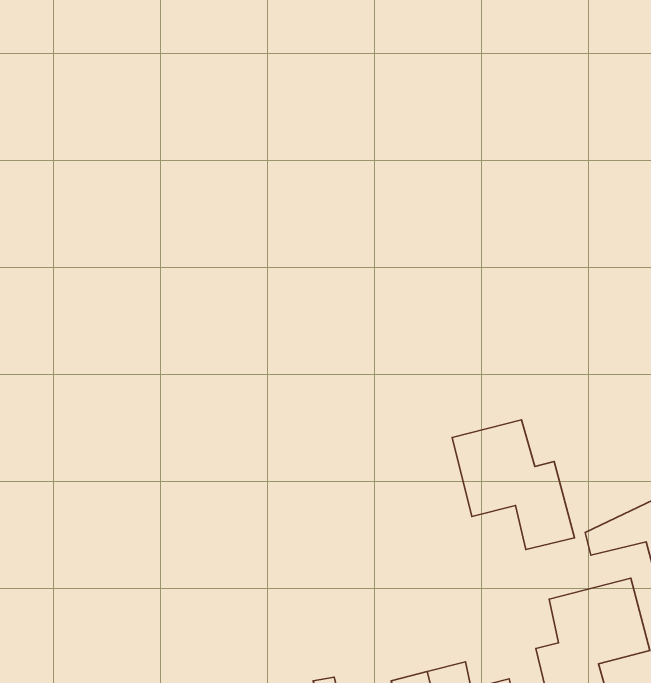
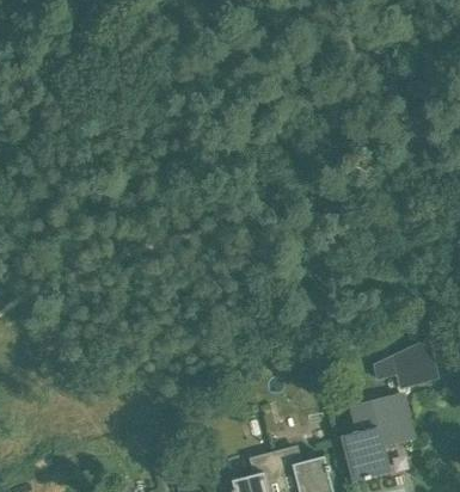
building: [452,420,574,549] -> none

